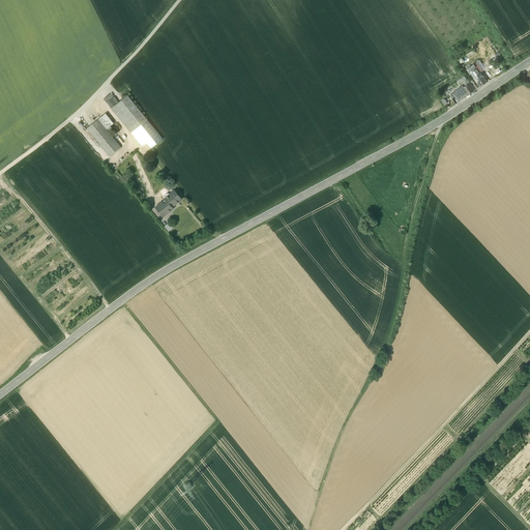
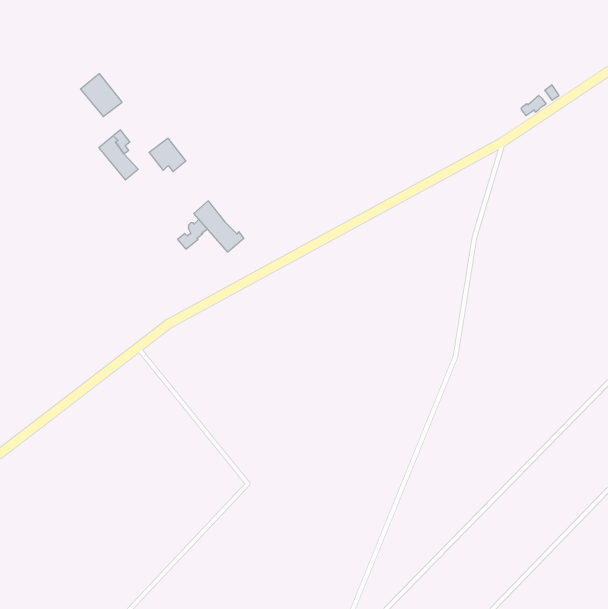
building: [110,95,146,132] -> [80,74,122,117]
building: none -> [194,201,244,252]

